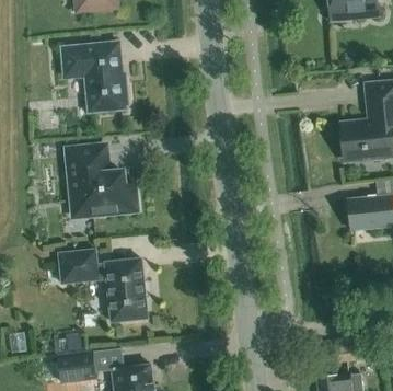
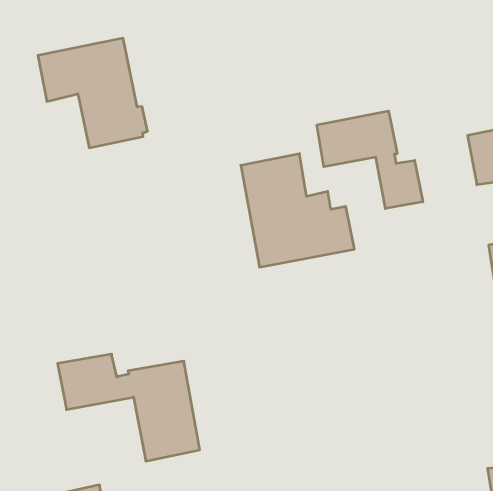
building: none -> [317,111,423,209]
building: [65,145,135,217] -> [241,154,354,267]

